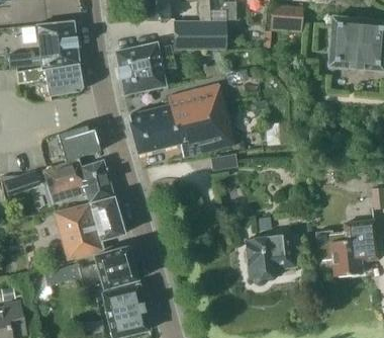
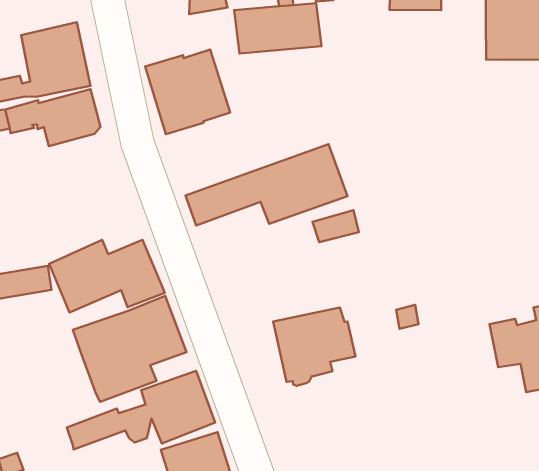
building: [127,84,224,135] -> none
building: [60,125,100,160] -> none
building: [246,235,295,281] -> [273,308,356,386]

